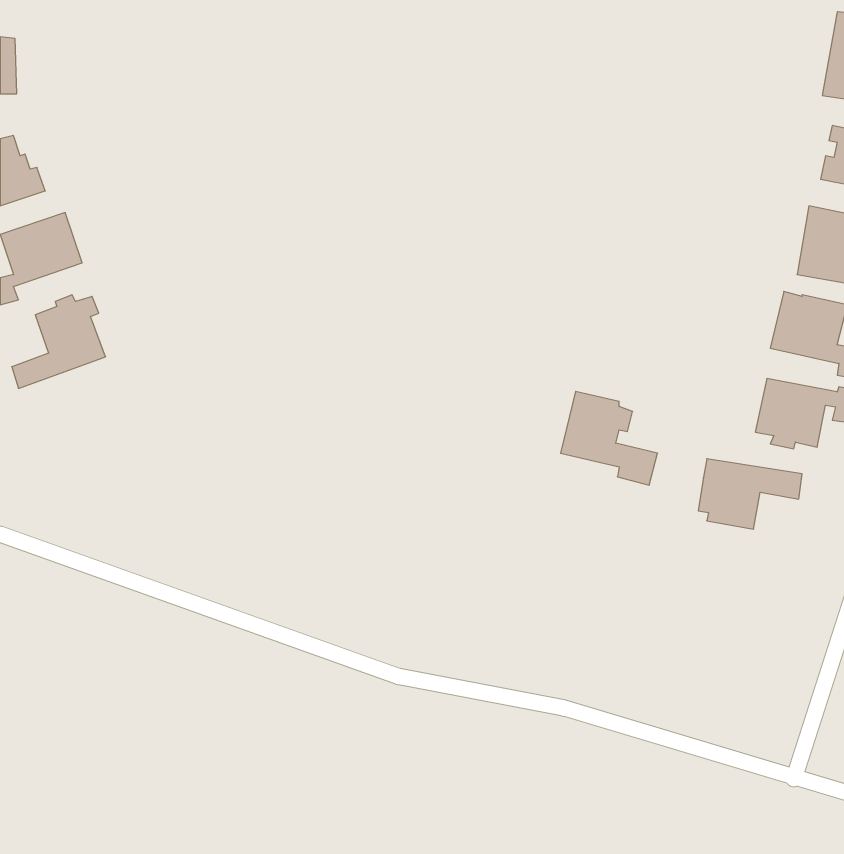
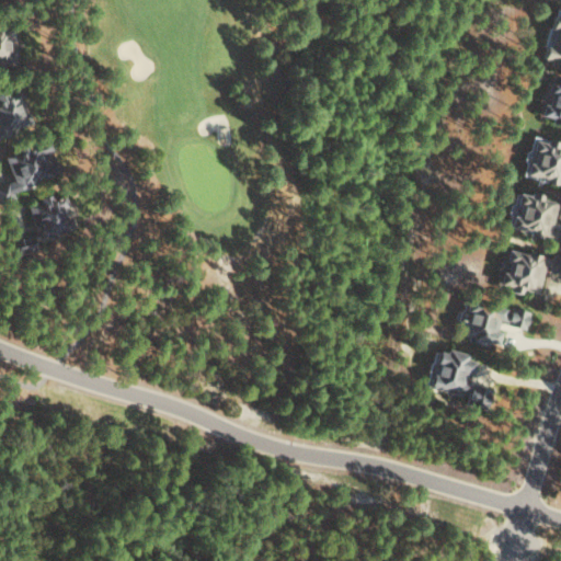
building: [561,391,658,485] -> [433,348,496,410]

